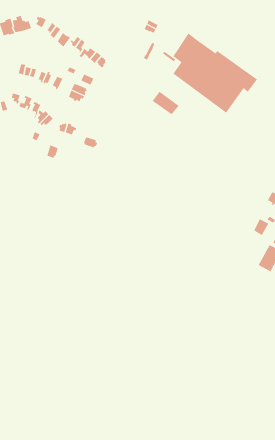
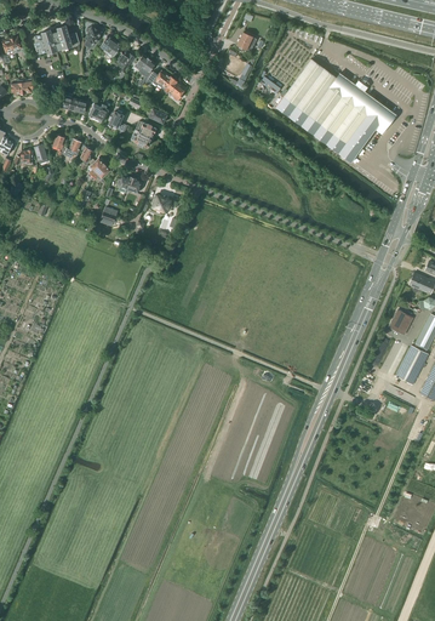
building: [152,91,180,115] -> none

